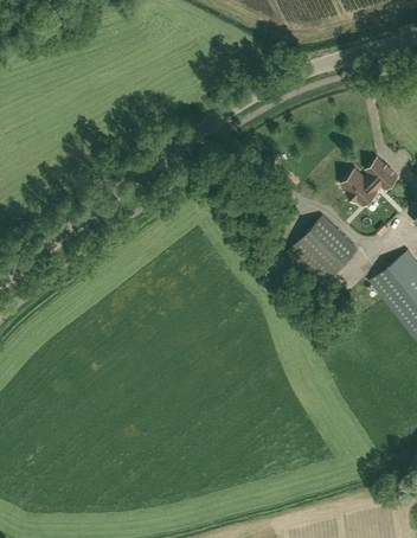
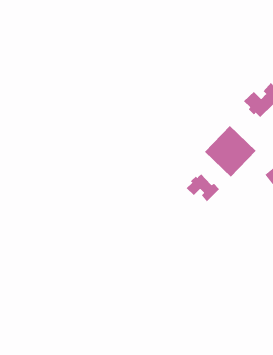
building: none -> [186,173,220,202]

